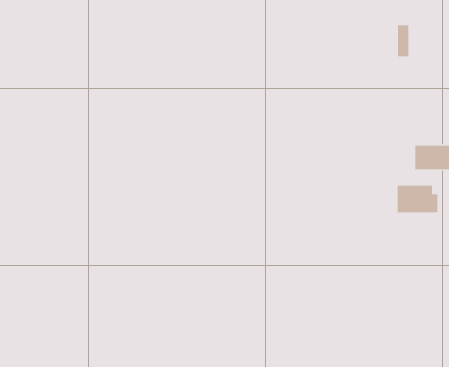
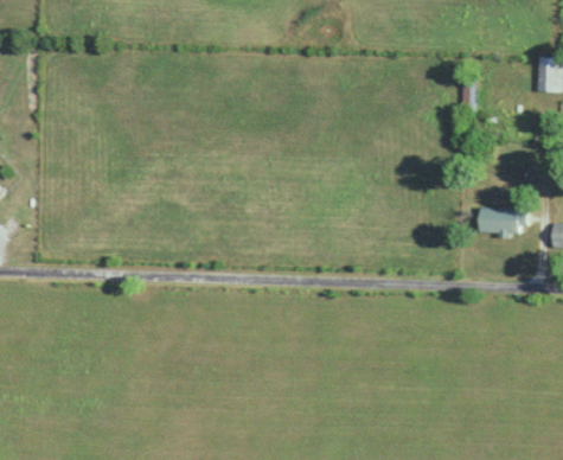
building: [397,185,438,213] -> none

